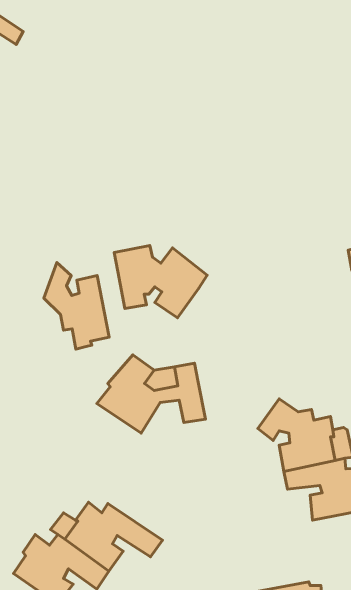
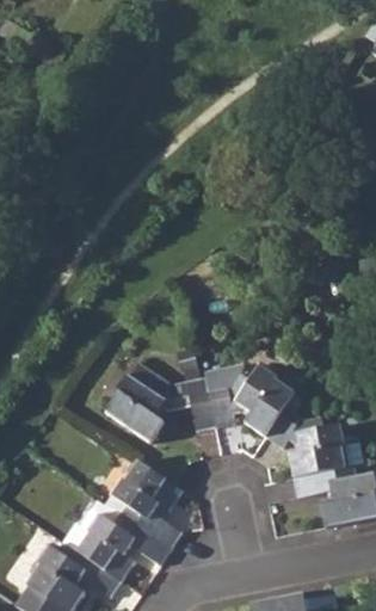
building: [114,245,207,318] -> [205,364,298,437]
building: [44,263,109,349] -> none
building: none -> [110,459,184,549]

